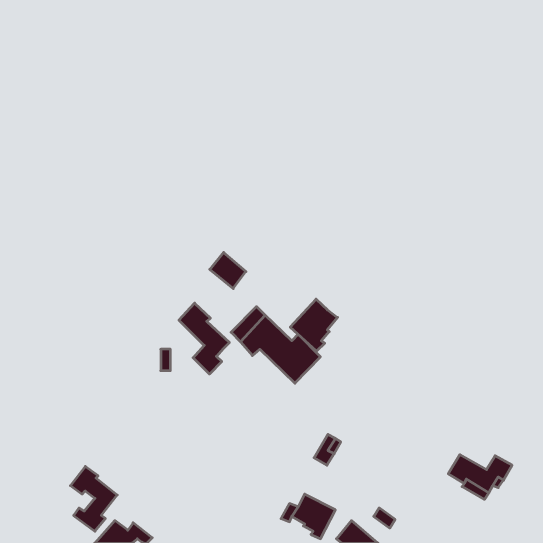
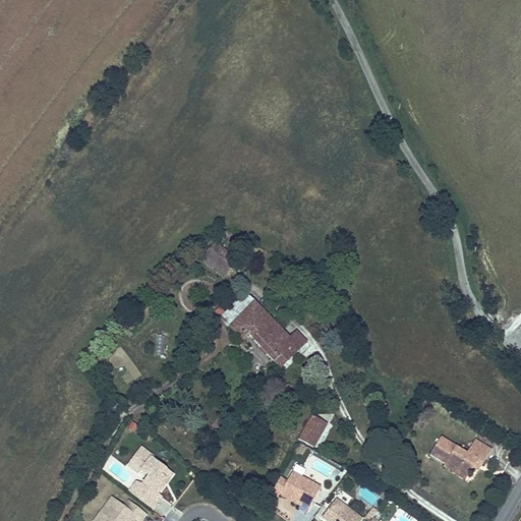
building: [290,299,338,351] -> none
building: [179,303,229,374] -> none
building: [70,466,117,531] -> [128,447,173,509]

